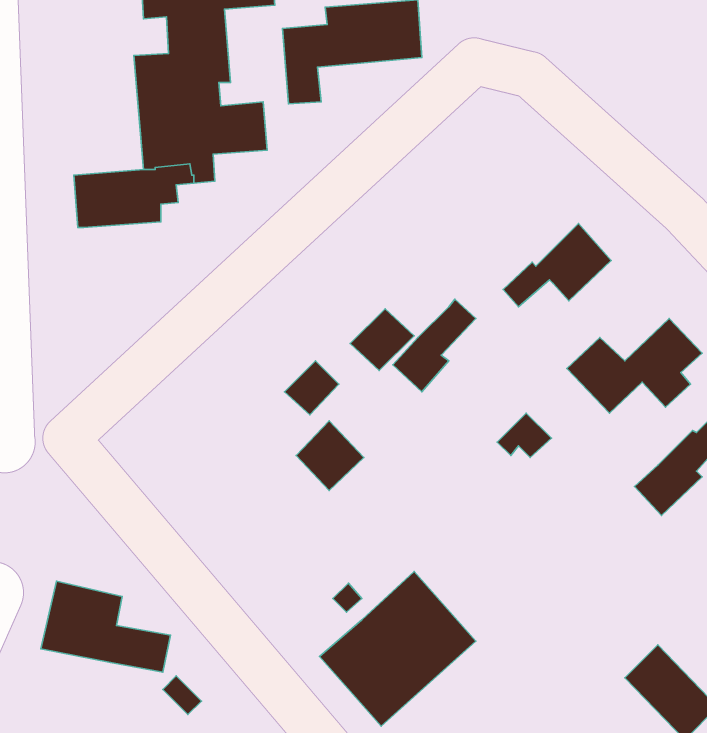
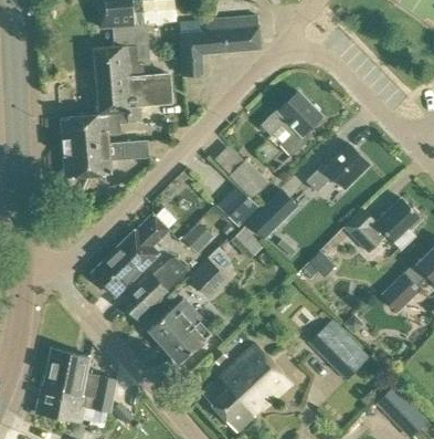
building: none -> [262,92,321,157]
building: none -> [63,140,148,178]
building: none -> [225,161,264,199]
building: none -> [93,217,166,295]
building: none -> [121,259,184,318]
building: none -> [149,297,212,360]
building: none -> [307,321,368,380]
building: none -> [36,388,112,425]

